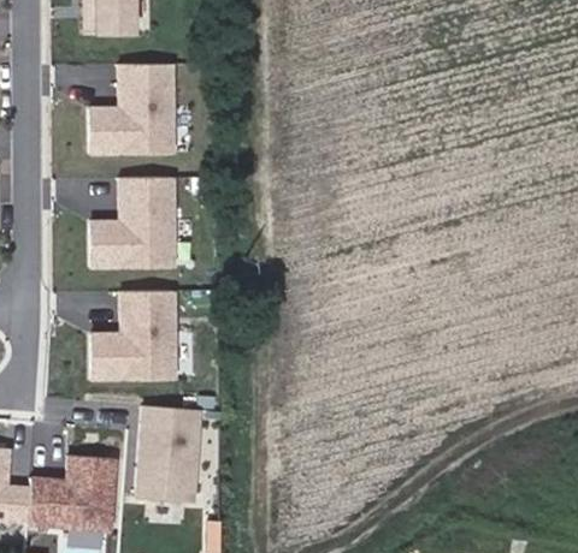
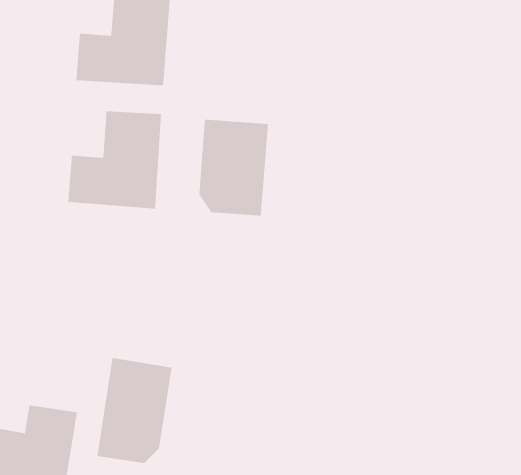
building: none -> [198,119,269,216]
building: [92,291,175,380] -> none

